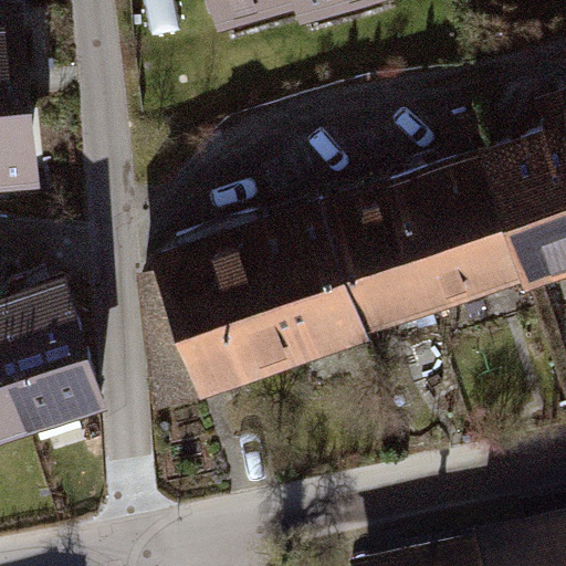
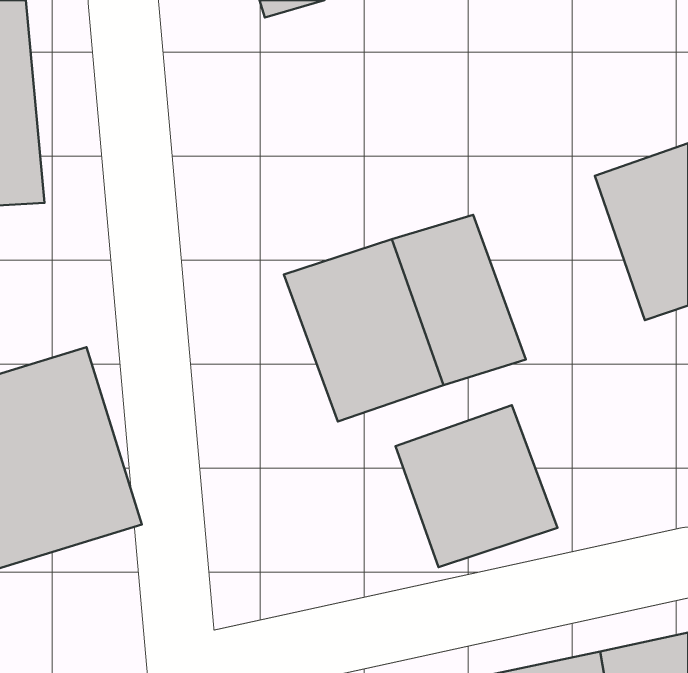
building: [387,158,527,308] -> none
building: [143,239,276,400] -> none
building: none -> [395,405,557,567]

